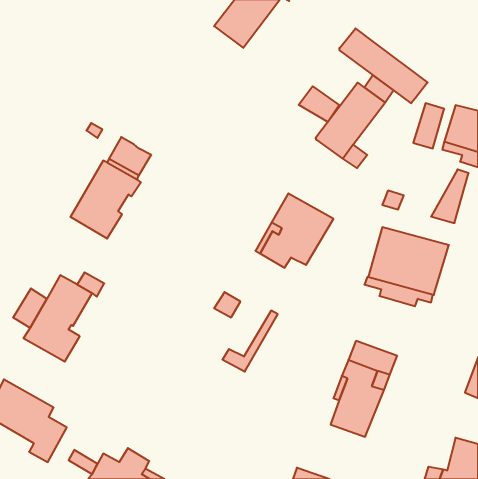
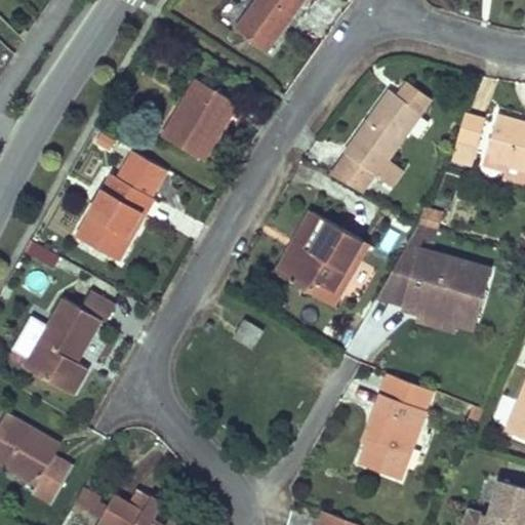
building: [339,28,428,103] -> none
building: none -> [160,79,238,160]
building: [299,86,339,122] -> [330,153,374,192]
building: [431,169,469,223] -> [376,244,417,302]
building: [222,311,278,372] -> [311,239,371,306]

